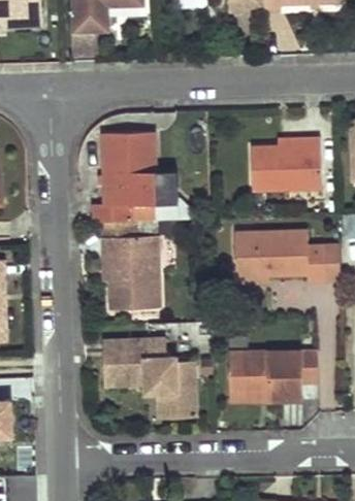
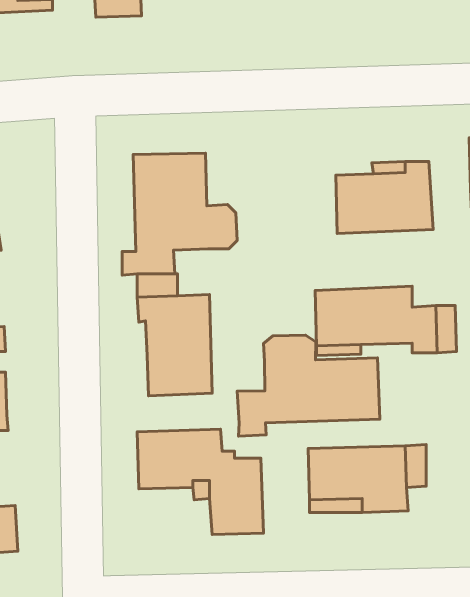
building: none -> [237,335,380,436]

